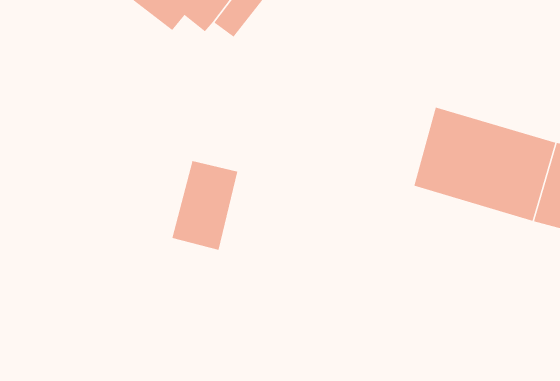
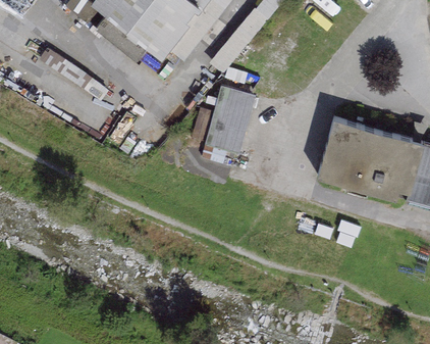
building: [172,161,238,250] -> [205,86,255,153]

